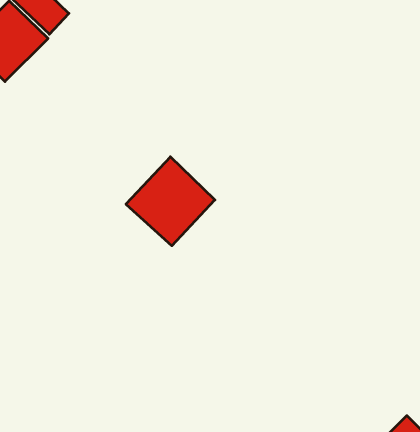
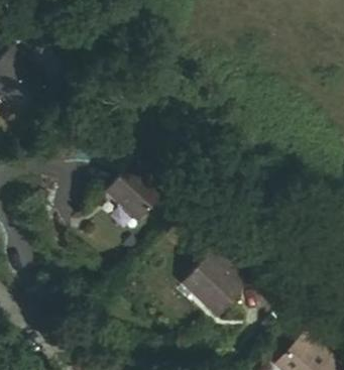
building: none -> [181,254,245,319]

